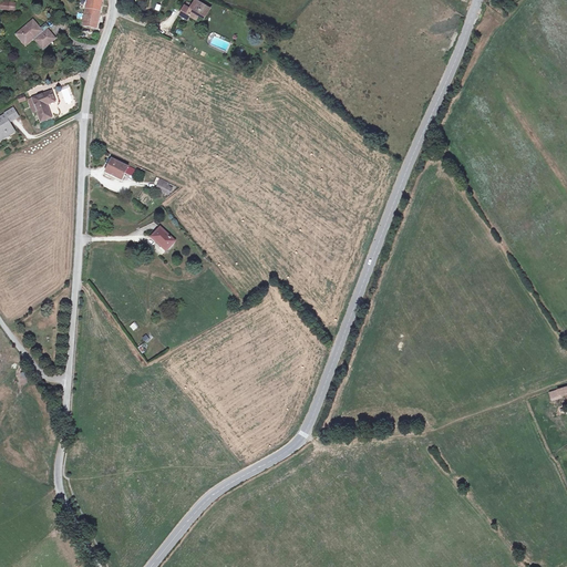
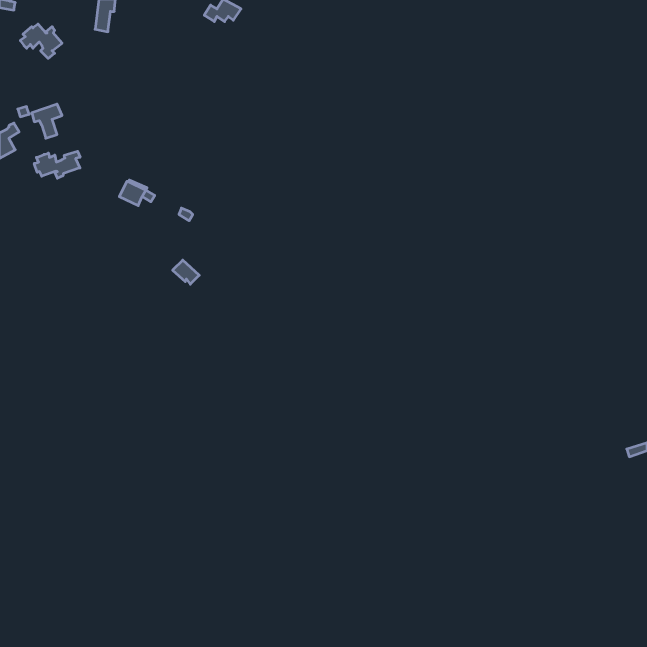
building: none -> [34,151,80,178]

